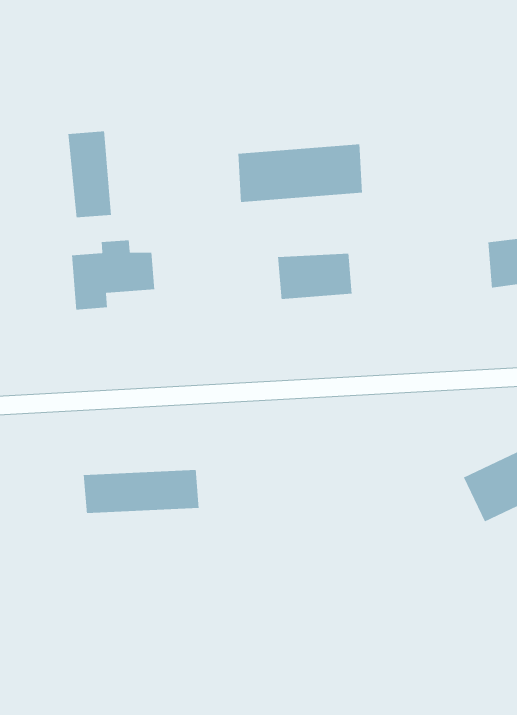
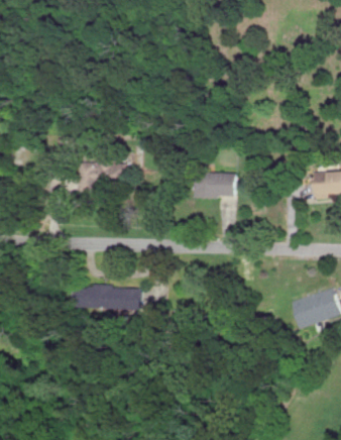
building: [67,131,112,218] -> none
building: [238,144,363,203] -> none

